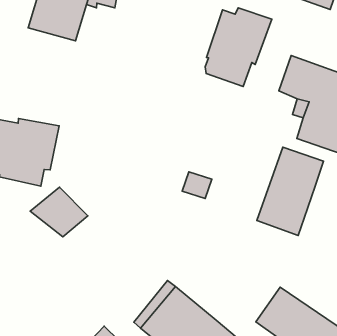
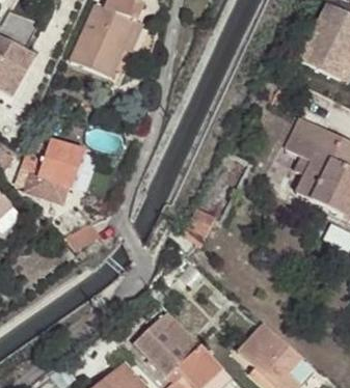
building: [205,8,272,87] -> none
building: [257,147,324,235] -> none

